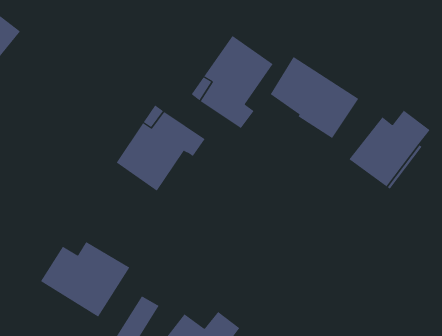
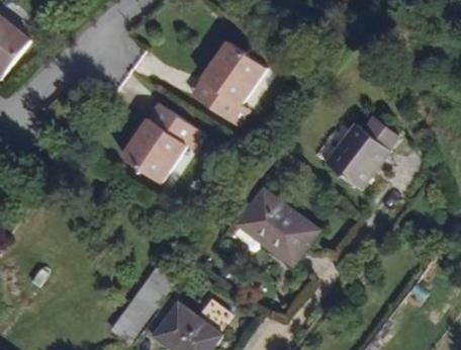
building: [270,56,359,139] -> [247,181,328,256]
building: [40,241,130,317] -> none

